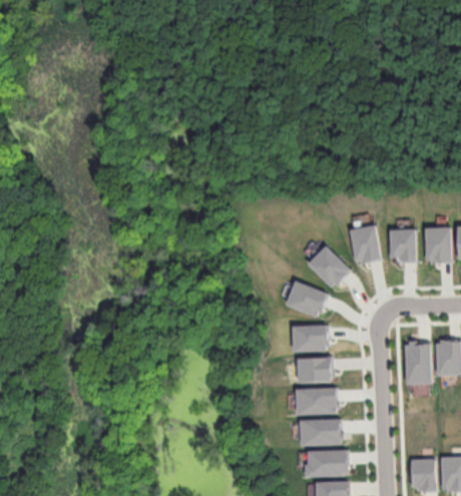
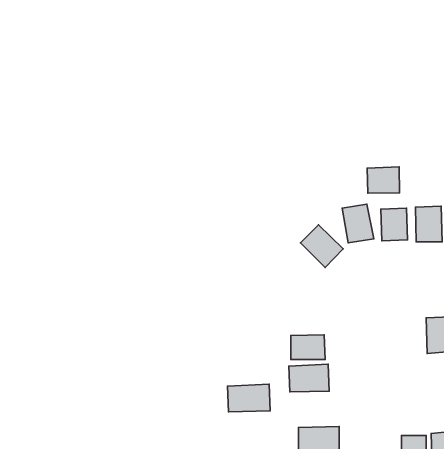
building: none -> [367,167,399,193]
building: [287,281,328,318] -> none
building: [292,325,328,352] -> none
building: [405,342,432,384] -> none
building: [299,418,342,446] -> [227,384,270,412]

